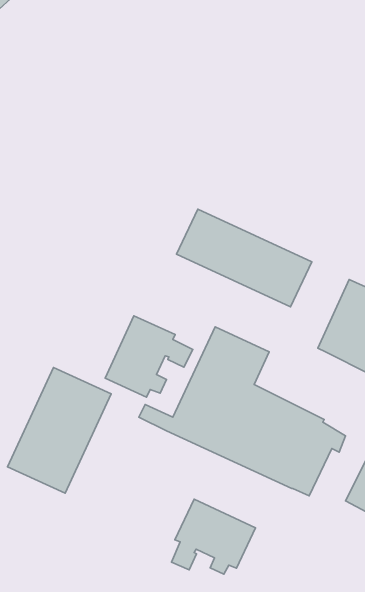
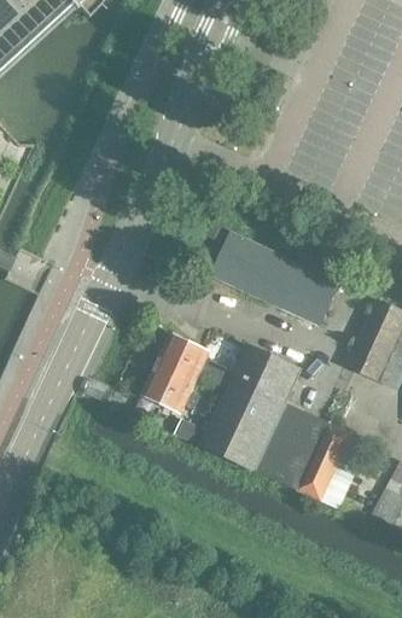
building: [7,367,111,493] -> none
building: [171,499,256,574] -> none

